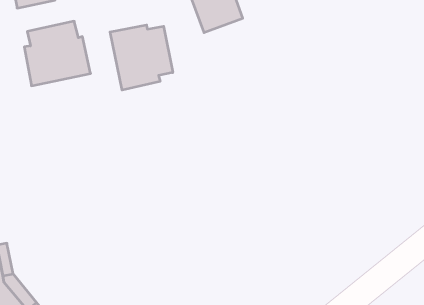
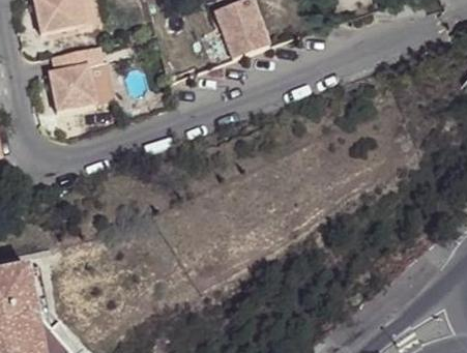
building: [110,25,173,90] -> none

